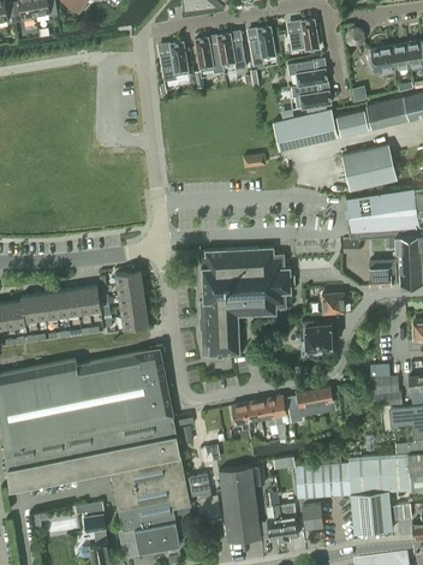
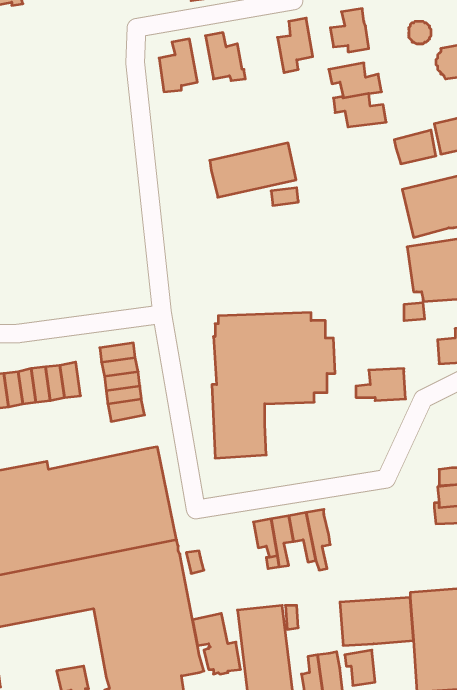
building: [218,34,246,70] -> none
building: [273,109,338,150] -> [210,143,296,197]
building: [302,320,334,351] -> none
building: [286,386,333,420] -> none

